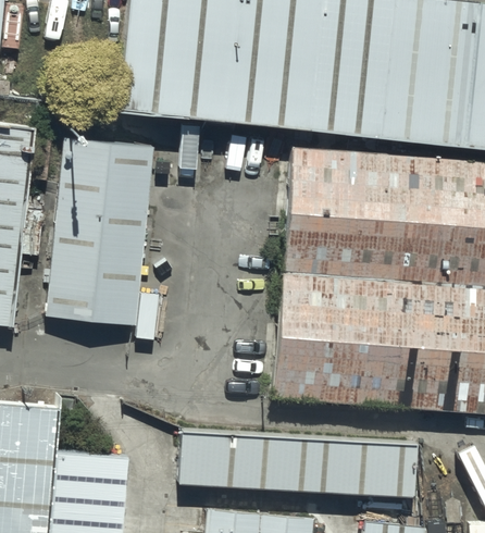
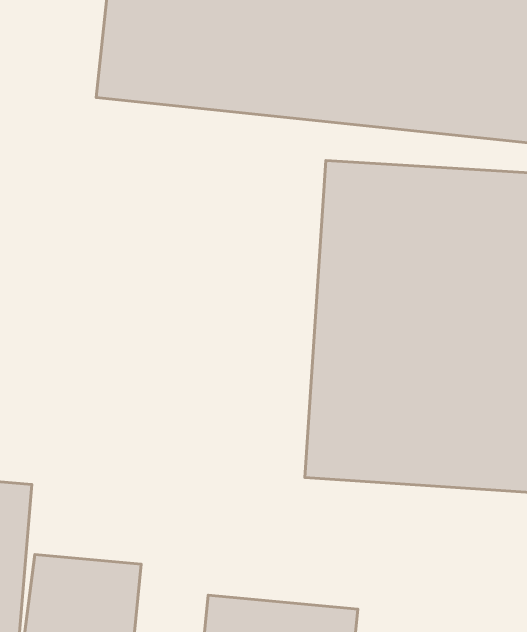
building: [48,131,146,313] -> none
building: [167,416,422,495] -> none

